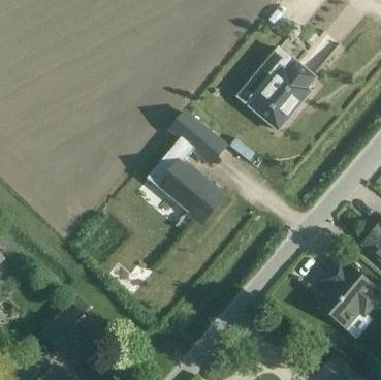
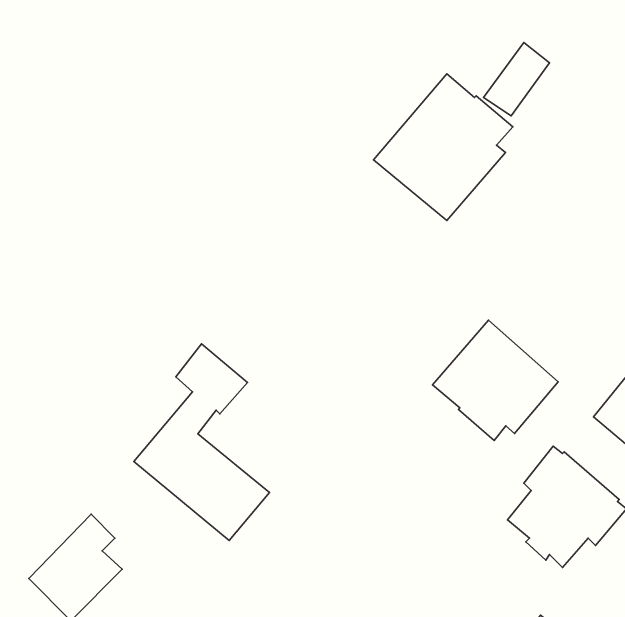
building: [150,112,226,222] -> [134,344,269,540]
building: none -> [433,320,558,440]

